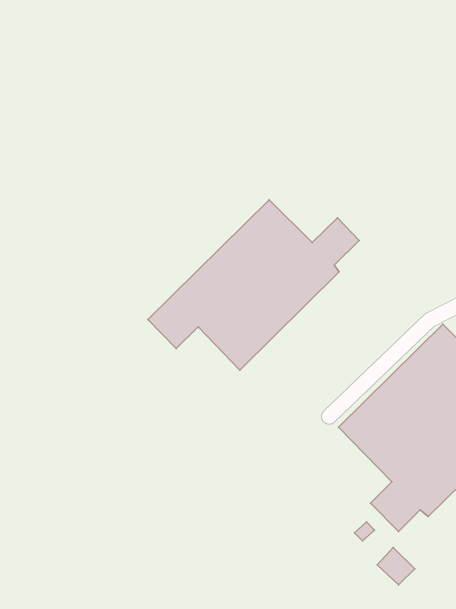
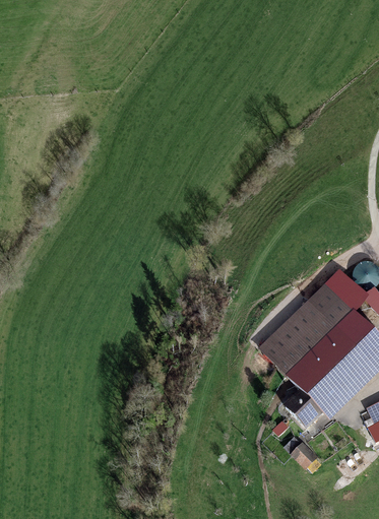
building: [148,200,359,370] -> none

